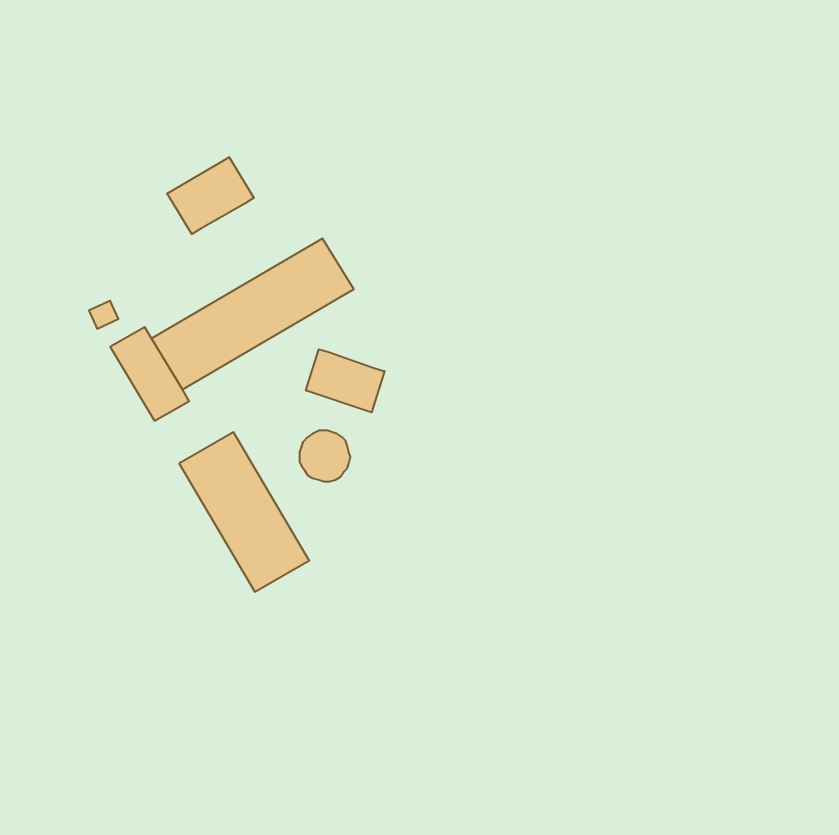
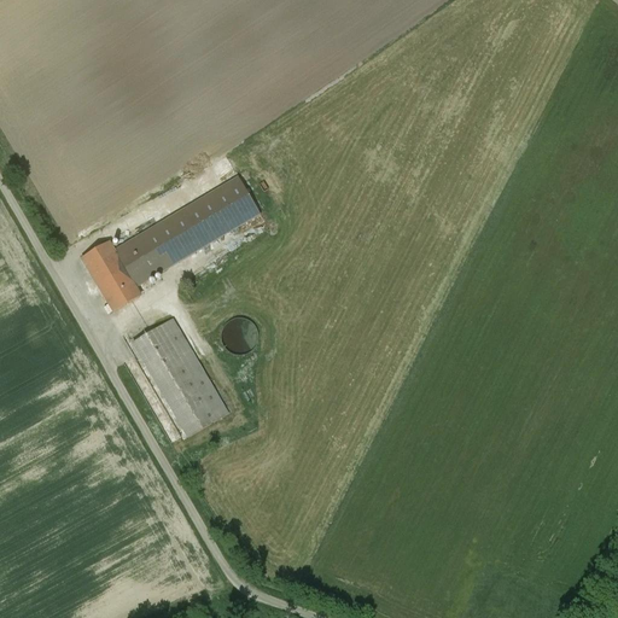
building: [167,157,254,234] -> none
building: [306,349,385,412] -> none

